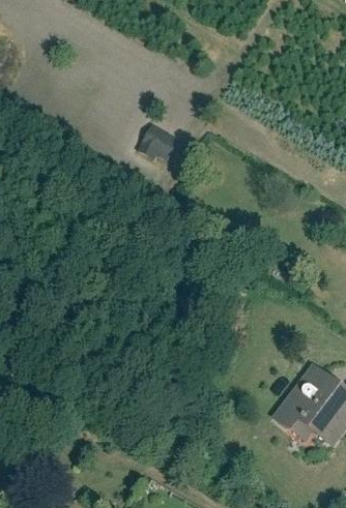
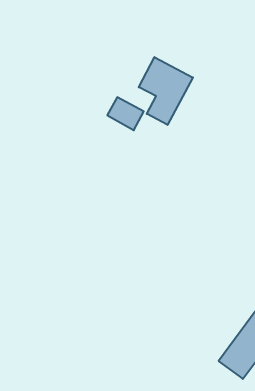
building: none -> [139,57,193,125]

